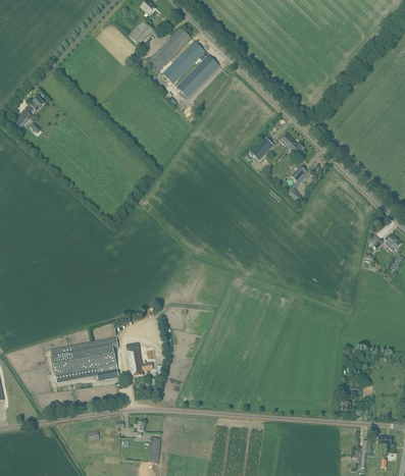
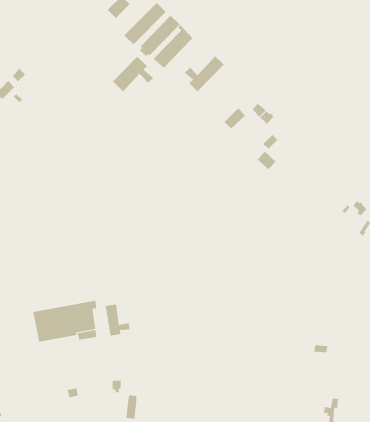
building: none -> [184,55,224,92]
building: none -> [112,56,154,92]

